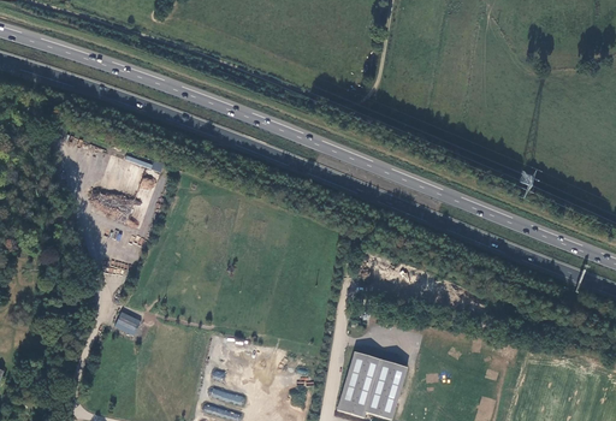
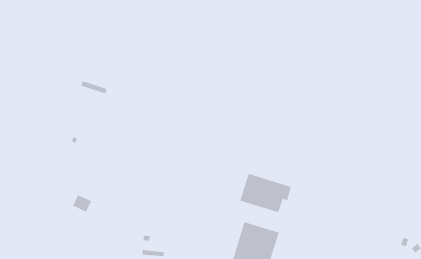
building: none -> [239,173,292,213]

